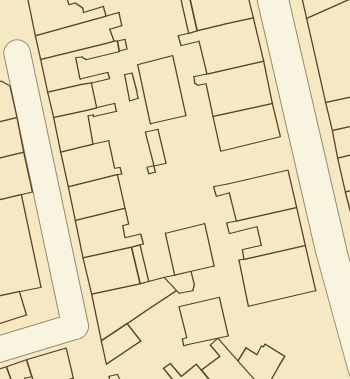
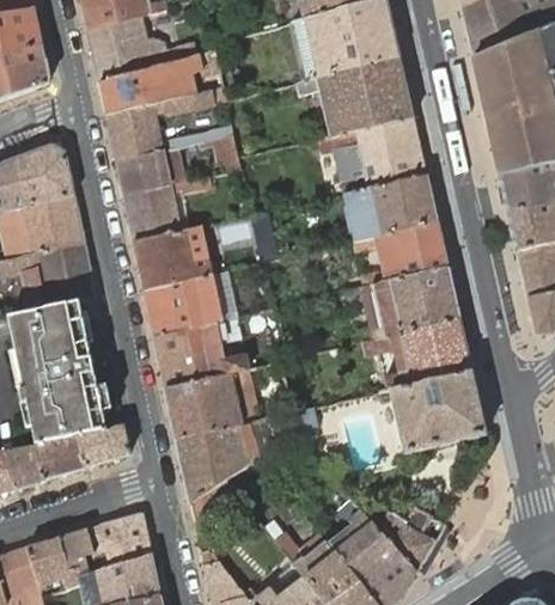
building: [138,56,186,124] -> none
building: none -> [353,221,447,281]
building: [166,223,214,275] -> none
building: none -> [77,426,129,468]
building: [179,297,228,346] -> none

